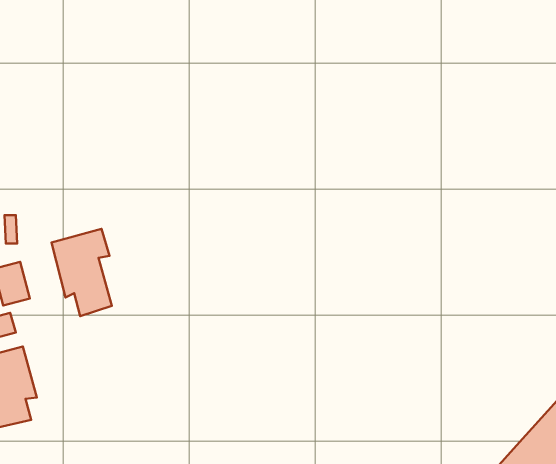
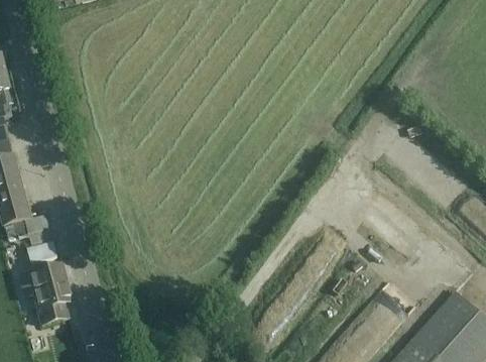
building: [51,229,112,316] -> none

